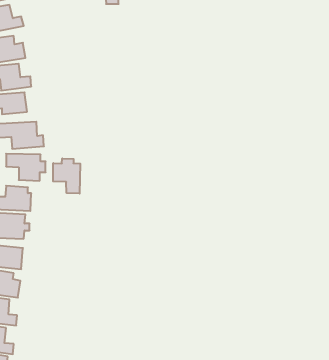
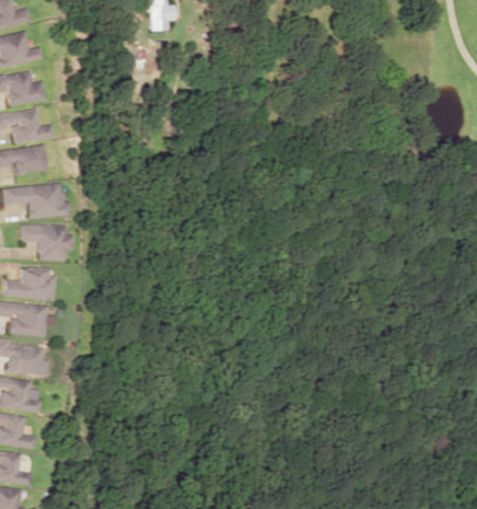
building: [53,158,80,194] -> none

